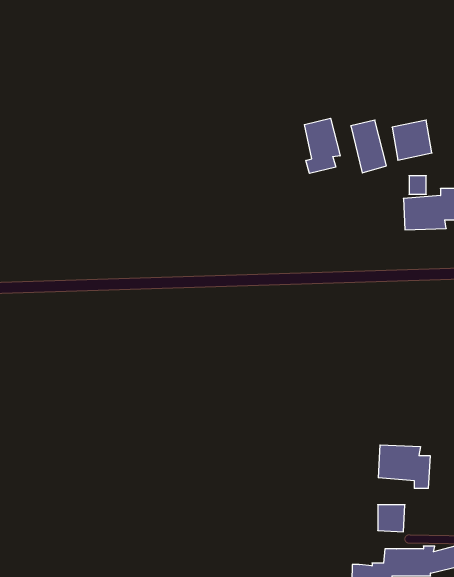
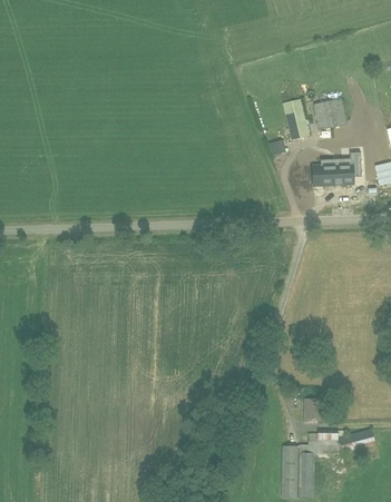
building: [304,118,340,173] -> none
building: [378,445,430,488] -> none

